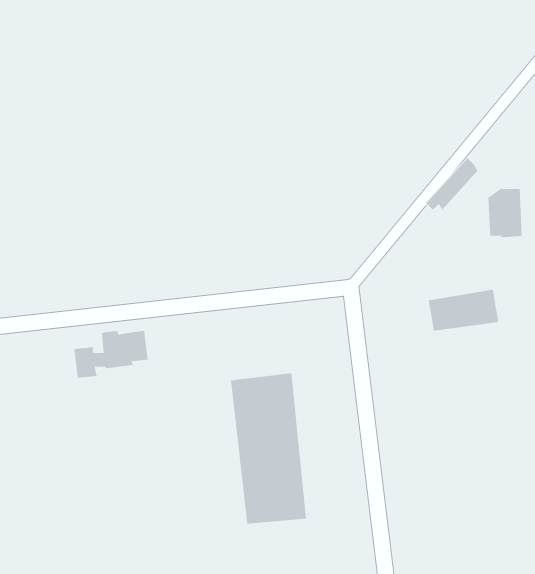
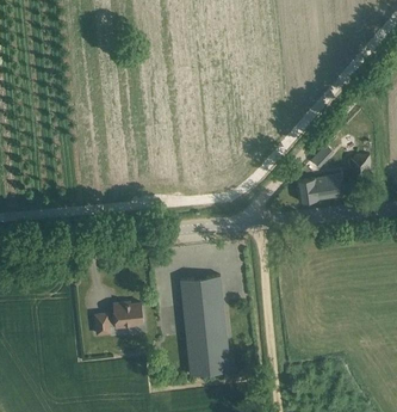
building: [428,289,499,331] -> [297,174,343,202]
building: [74,331,149,378] -> [95,303,144,334]

